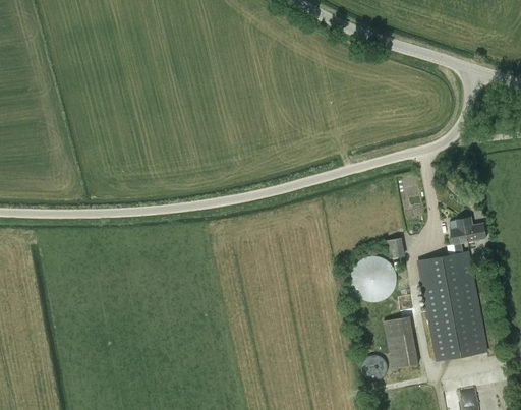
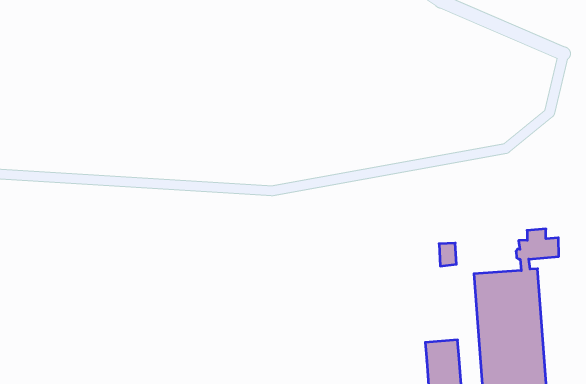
building: [359,255,397,298] -> none

